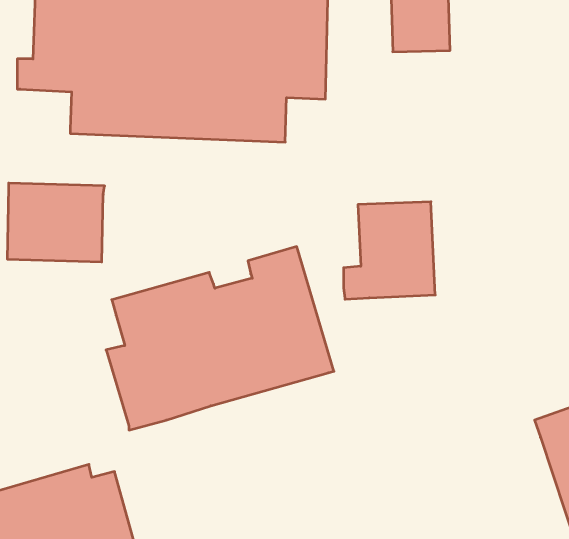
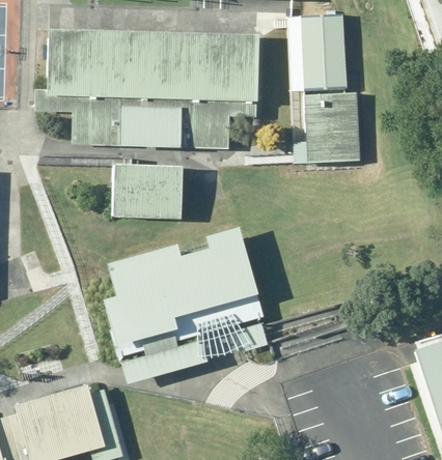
building: [7,183,105,262] -> [112,164,183,221]
building: [344,202,435,299] -> [292,92,358,163]
building: none -> [118,321,268,384]

